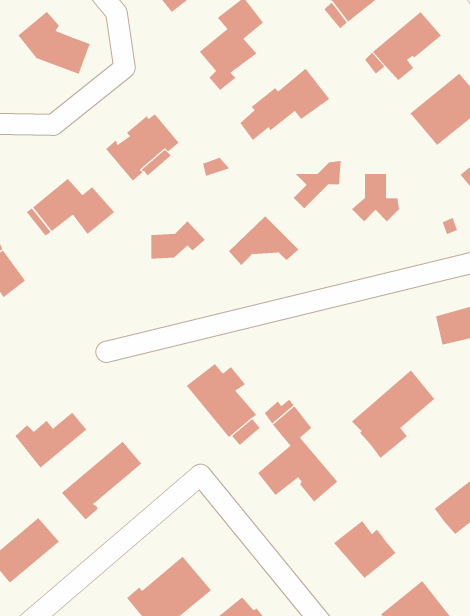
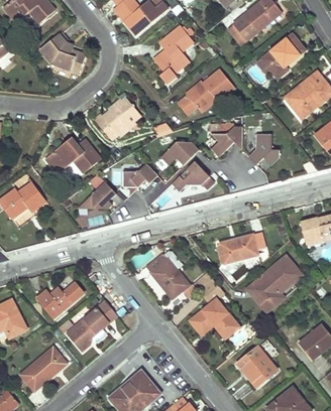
building: none -> [160,141,198,164]
building: none -> [80,174,115,208]
building: none -> [217,233,264,264]

